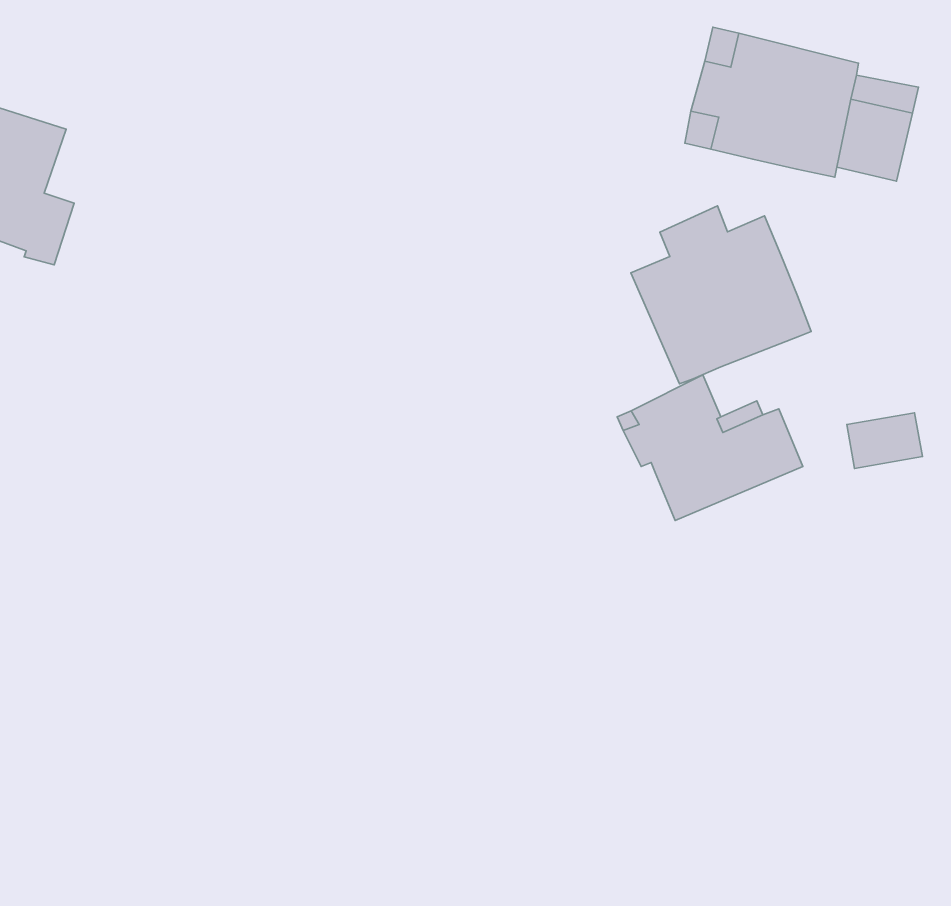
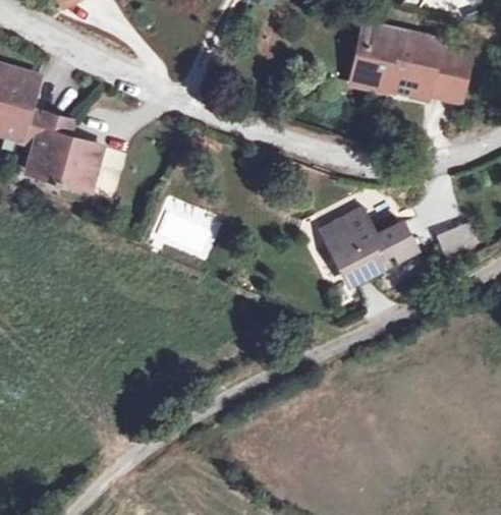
building: none -> [24,114,100,189]
building: [631,206,811,384] -> none

